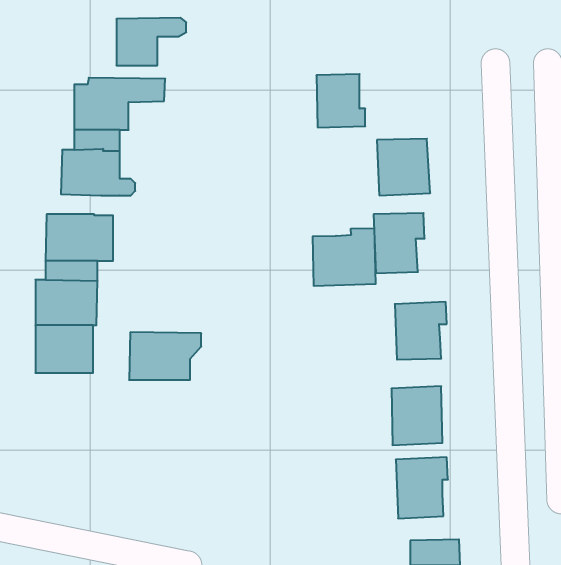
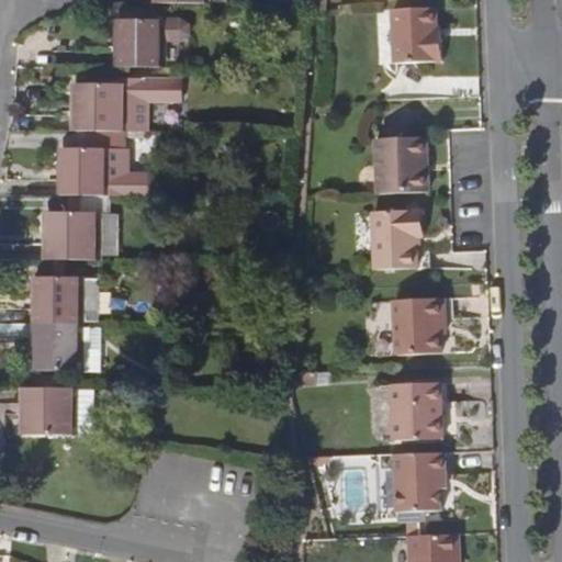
building: [316,74,365,127] -> [390,8,438,60]
building: [313,228,376,286] -> none
building: [129,332,201,380] -> [23,386,94,434]

